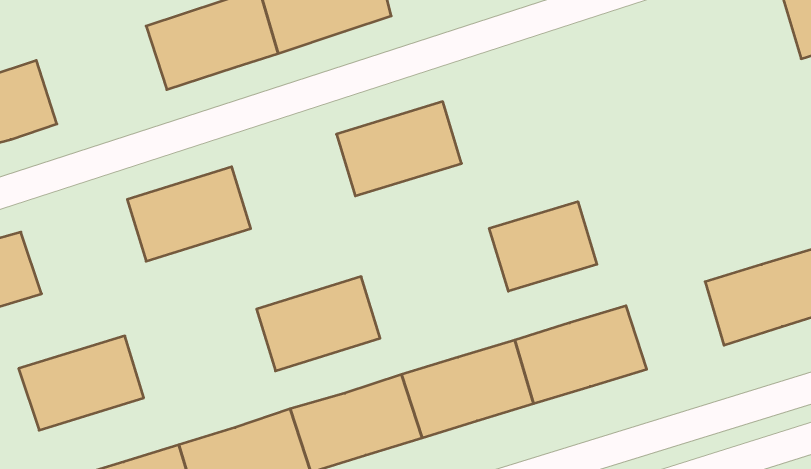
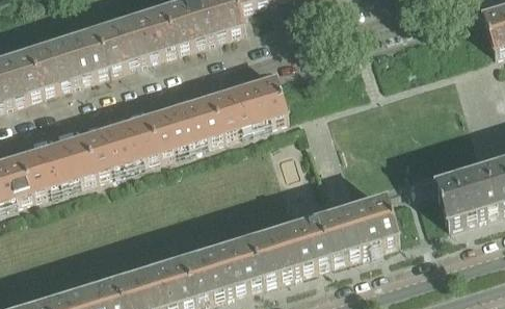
building: none -> [29,29,108,88]
building: [489,202,597,291] -> none
building: [257,277,380,371] -> [148,95,222,152]
building: [19,336,144,430] -> [20,134,96,191]

